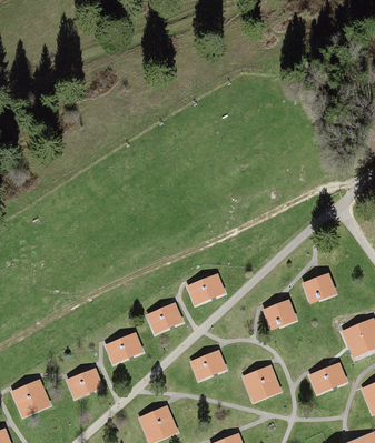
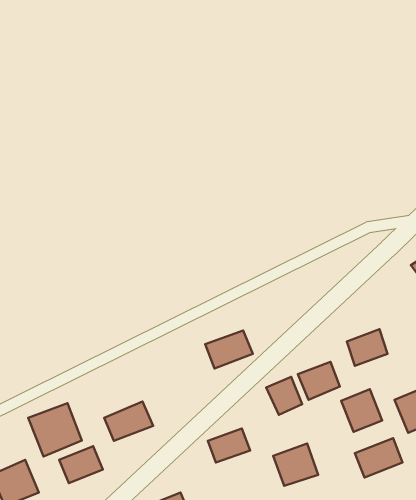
building: [146,303,181,332] -> none
building: none -> [266,377,302,415]
building: none -> [341,389,382,432]
building: none -> [28,403,82,456]

